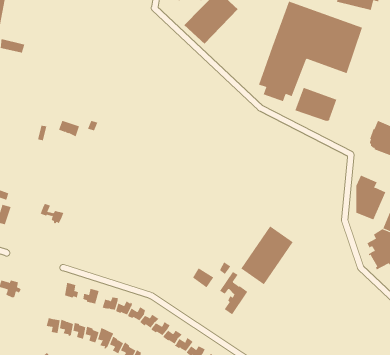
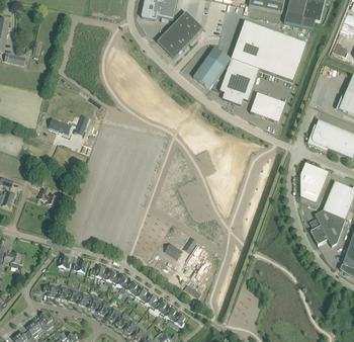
building: none -> [193,48,231,89]
building: [241,226,293,285] -> none

